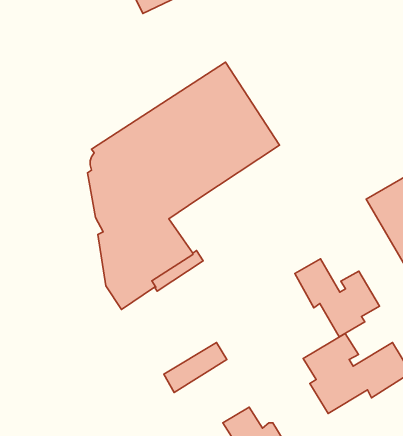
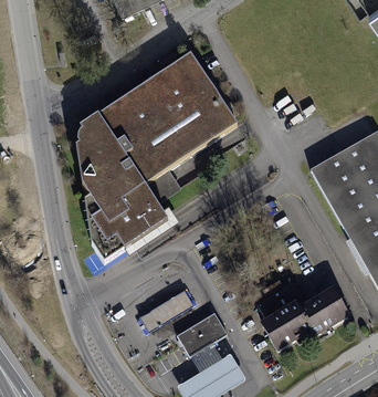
building: none -> [144,170,180,205]
building: [295,259,380,337] -> none
building: none -> [176,313,228,358]

